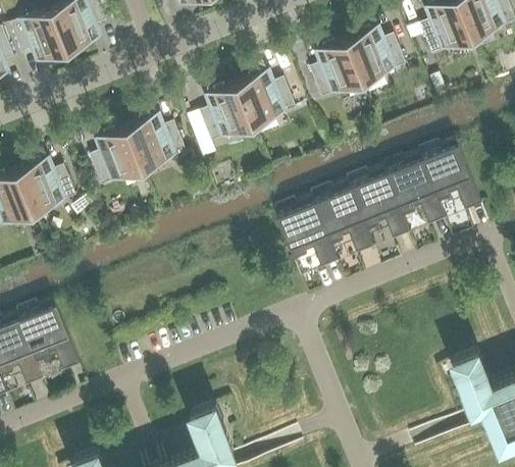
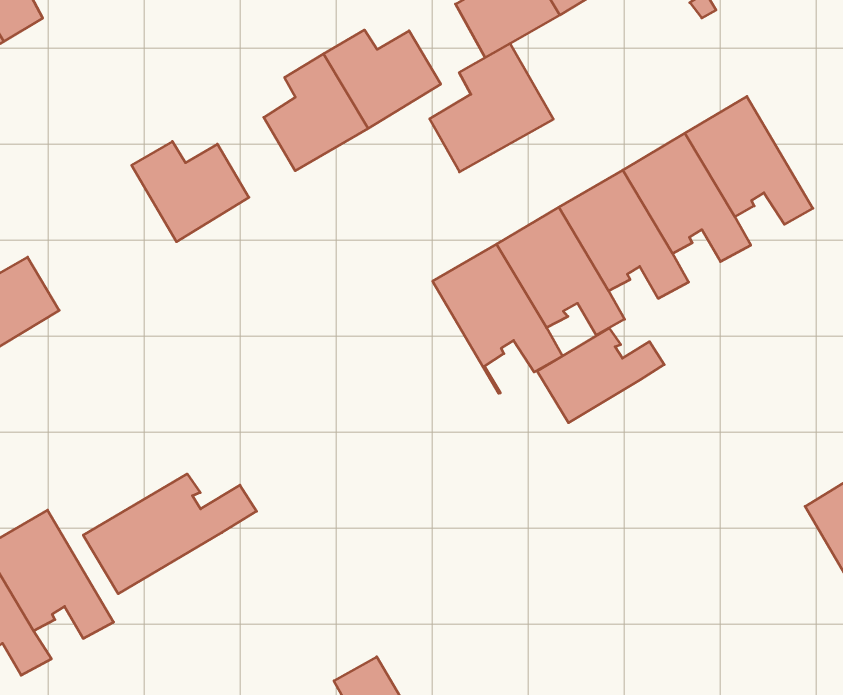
building: none -> [430,43,553,172]
building: [88,127,142,188] -> none
building: none -> [537,328,664,423]
building: none -> [83,474,257,594]

